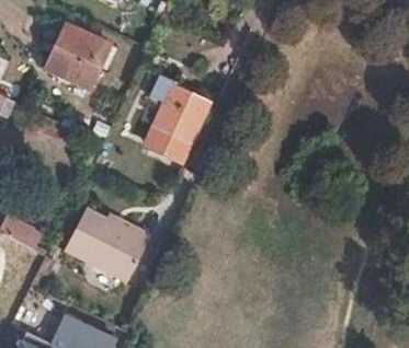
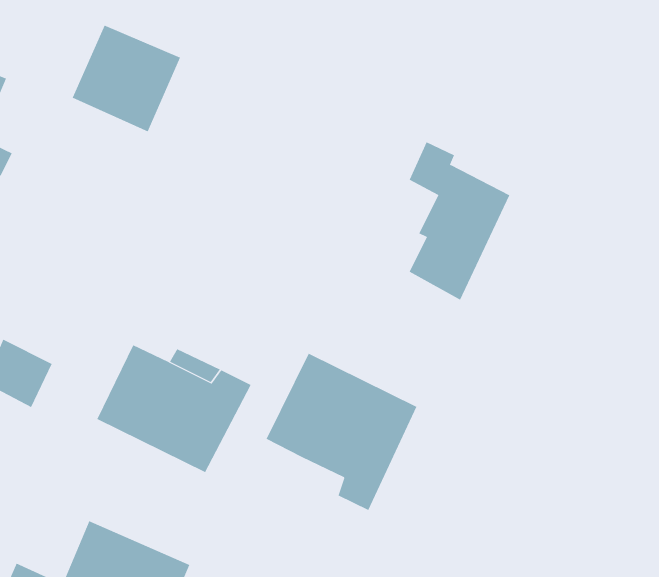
building: [151,73,209,164] -> [409,142,510,300]
building: none -> [266,353,417,511]

